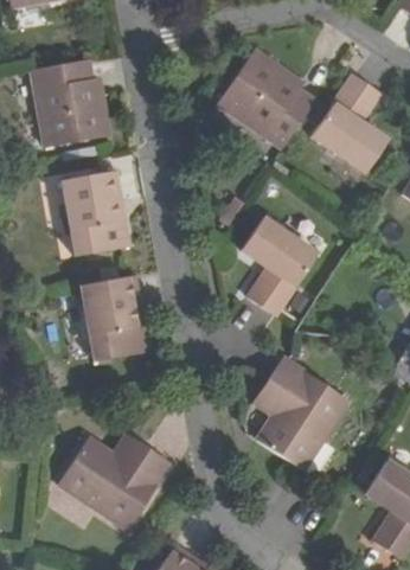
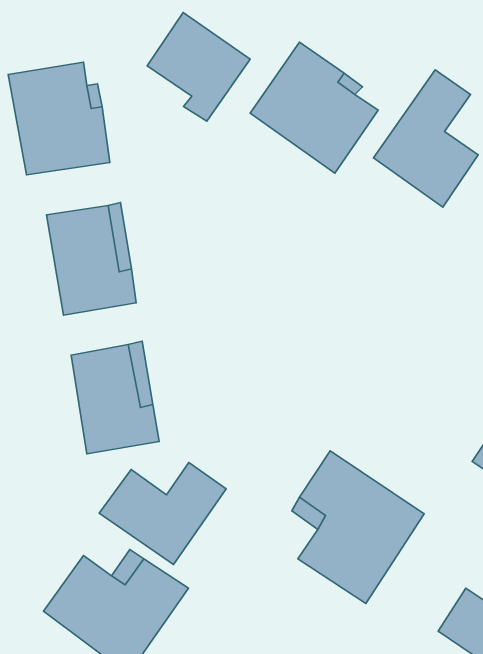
building: none -> [147,13,250,121]
building: [242,214,318,312] -> none
building: none -> [99,463,226,565]

